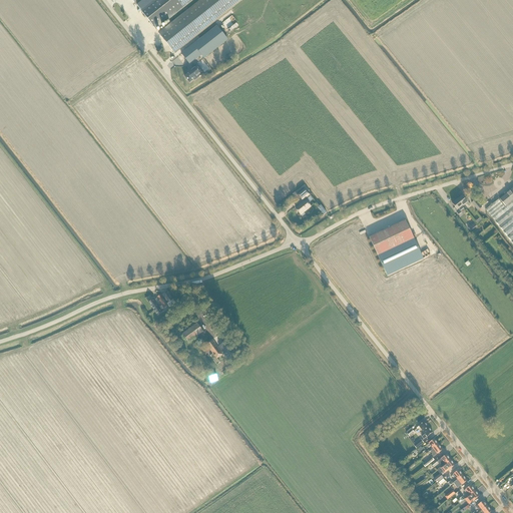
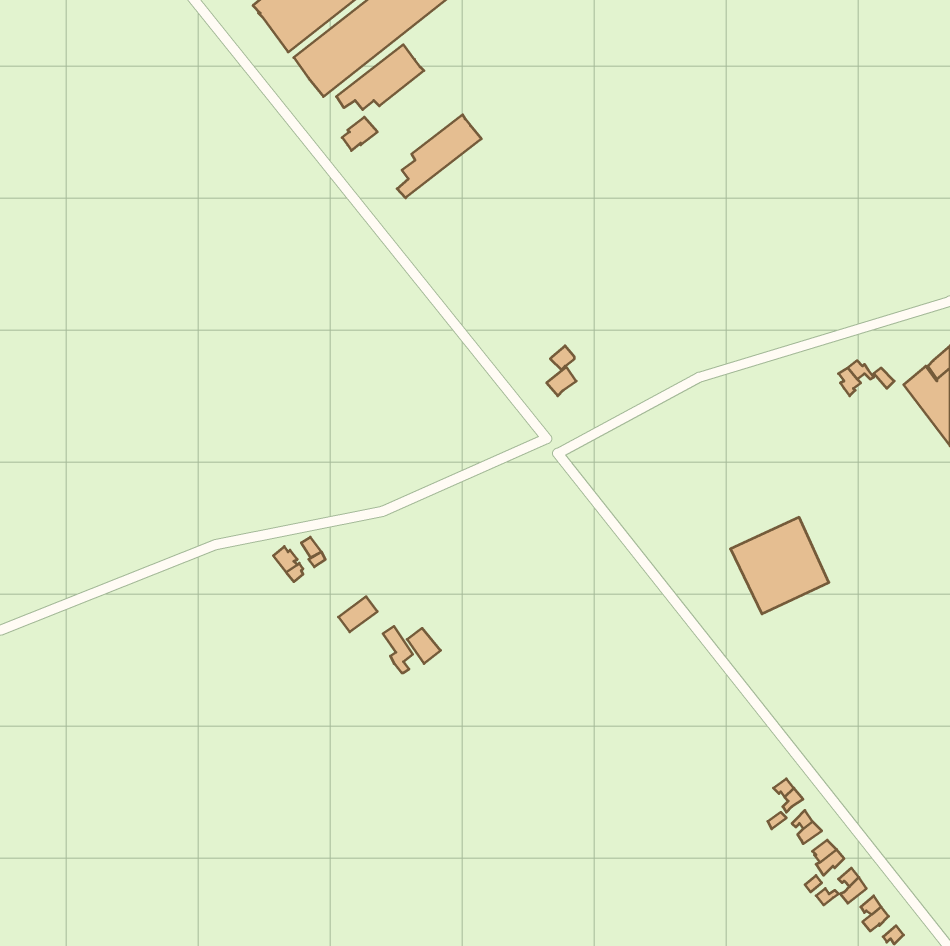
building: none -> [397,115,481,198]
building: [369,218,422,271] -> [730,517,829,614]

